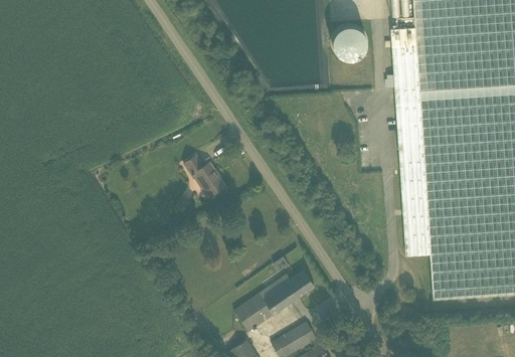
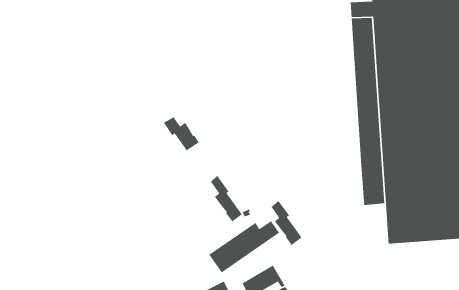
building: none -> [210,175,243,223]
building: none -> [271,200,302,246]

